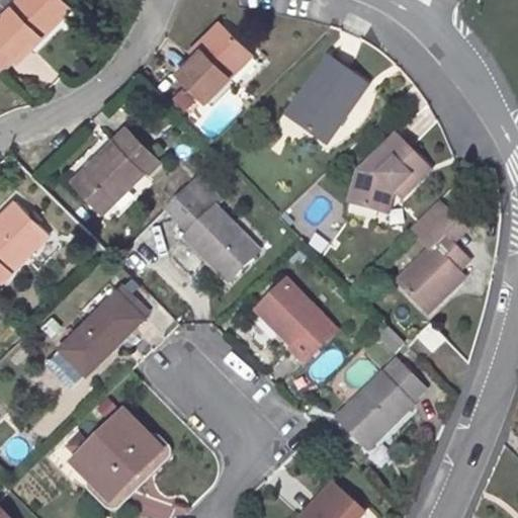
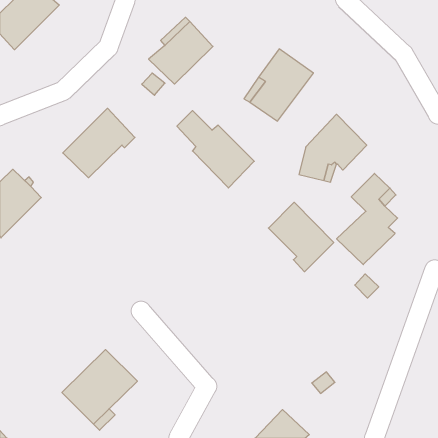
building: [167,189,258,280] -> [177,111,254,188]
building: [257,278,334,360] -> [268,202,334,272]
building: [59,287,144,374] -> none
building: [338,361,422,448] -> none

